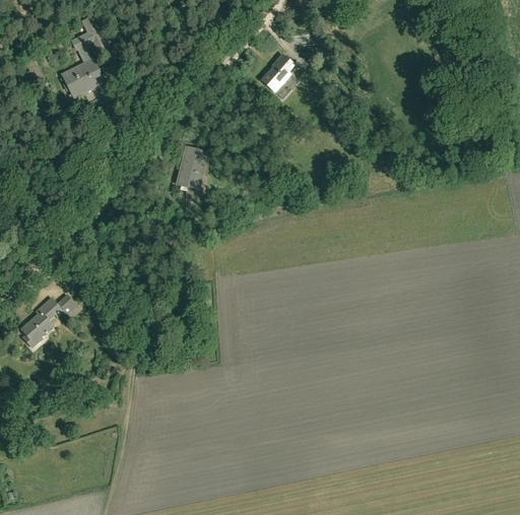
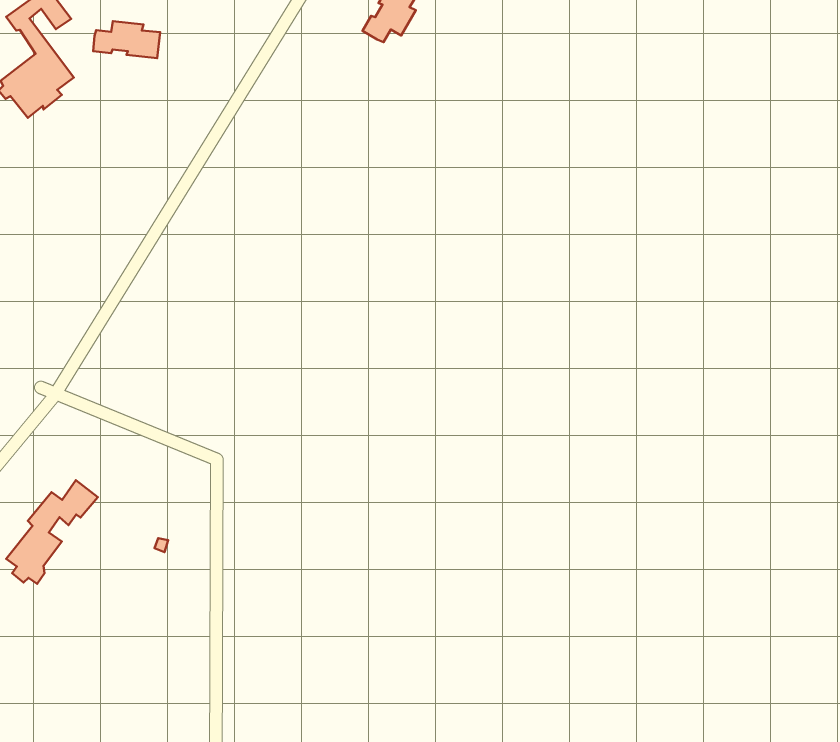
building: none -> [93,21,160,58]
building: [176,147,206,189] -> none

